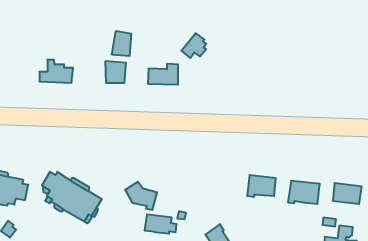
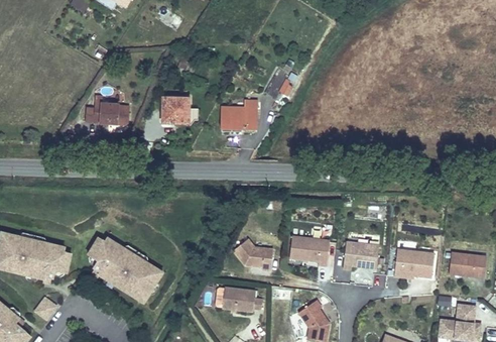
building: [112,31,131,56] -> none
building: none -> [291,235,332,265]
building: [125,182,157,210] -> [235,238,275,273]

